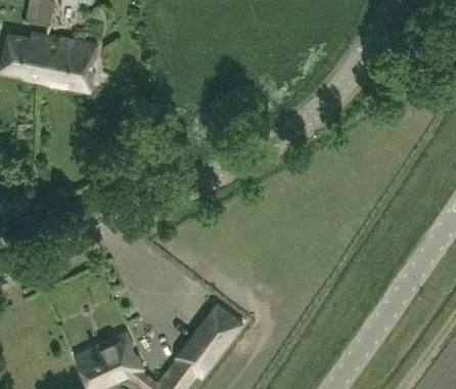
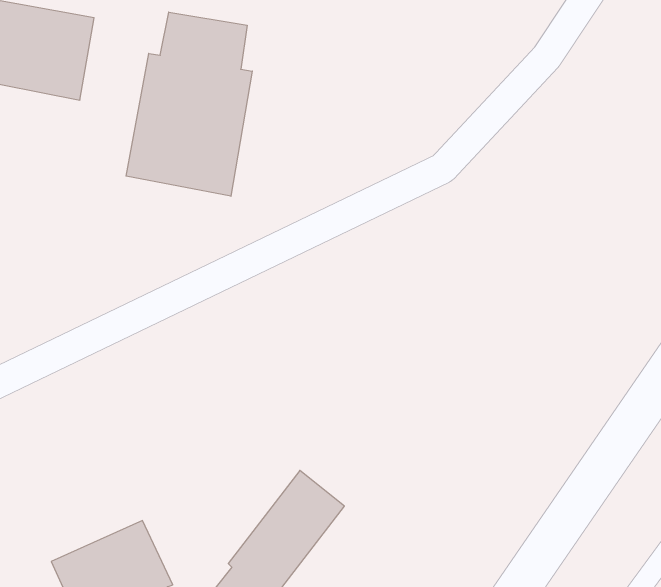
building: none -> [126,12,252,196]

